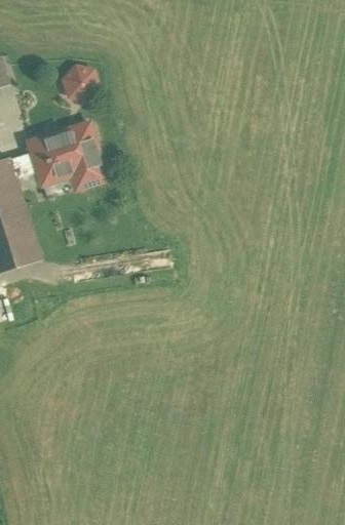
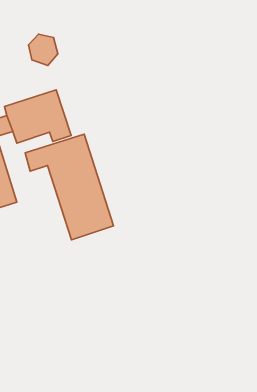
building: none -> [25,134,114,240]

